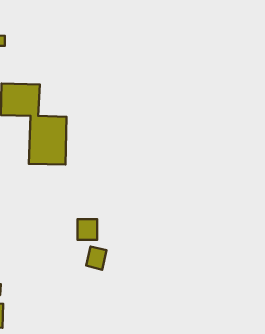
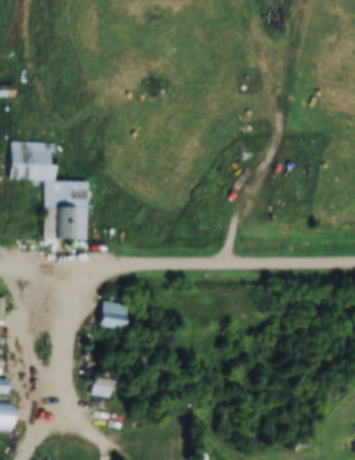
building: [86,247,107,270] -> [89,371,114,398]

